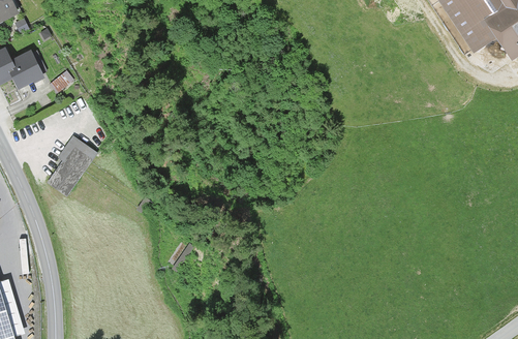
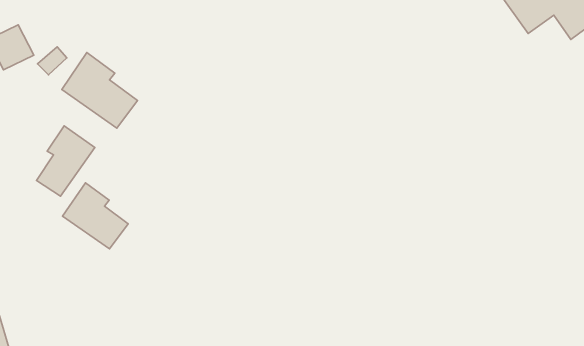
building: none -> [62,53,138,128]
building: none -> [63,183,128,249]

